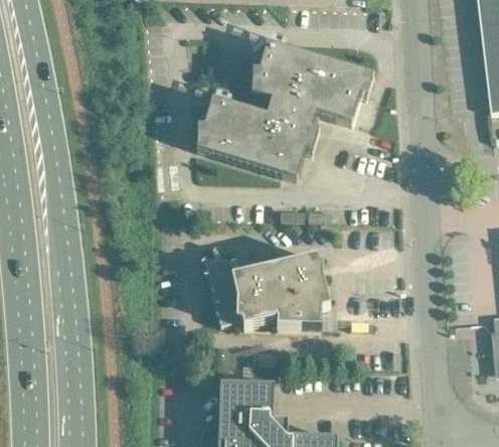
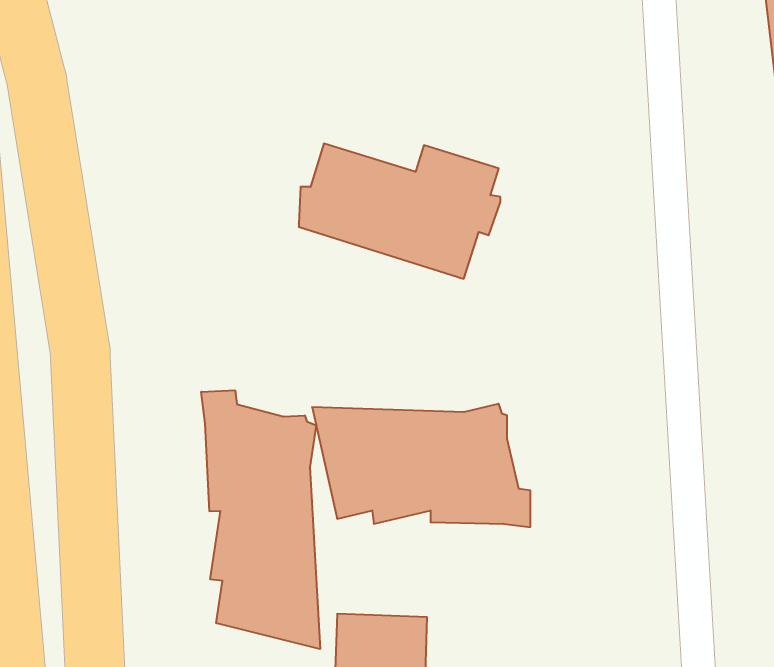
building: [252,42,373,124] -> none
building: none -> [201,390,320,649]

